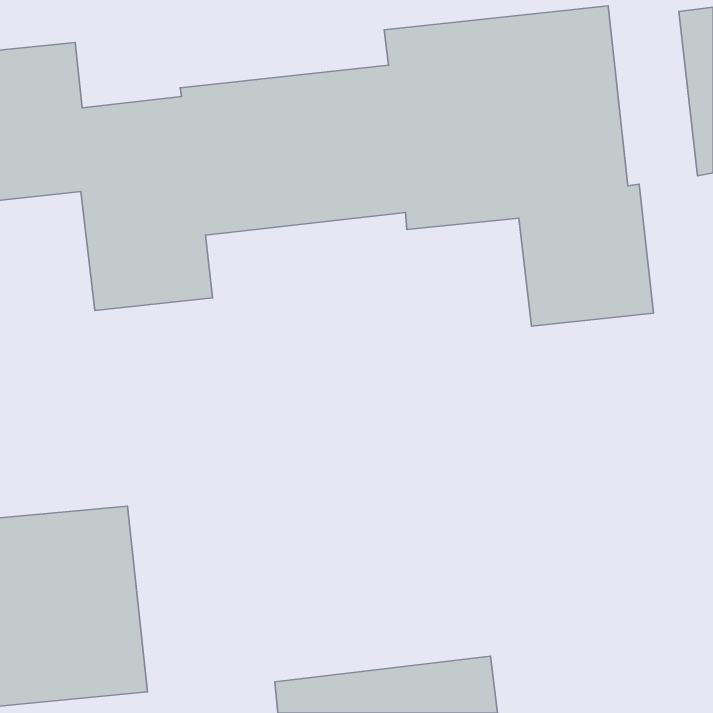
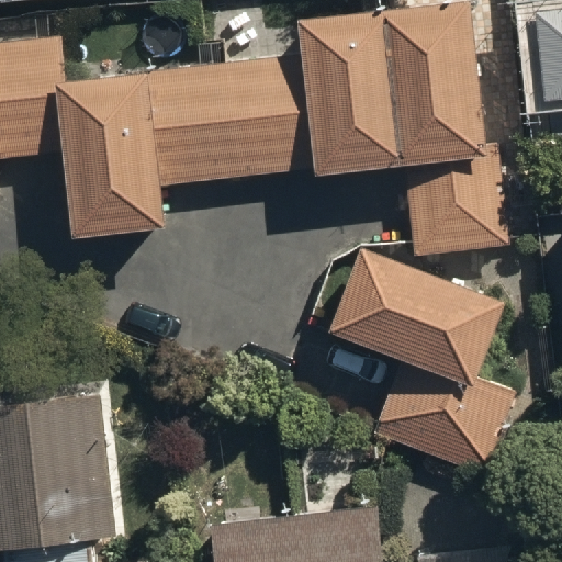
building: none -> [328,250,514,471]

